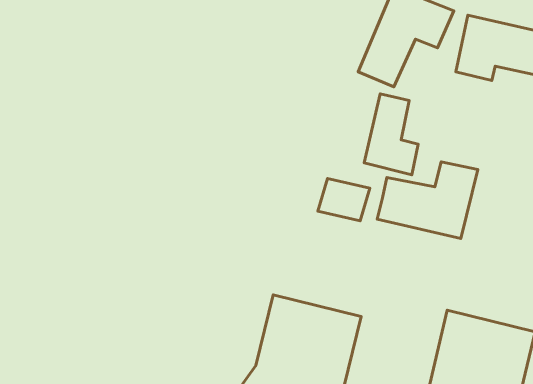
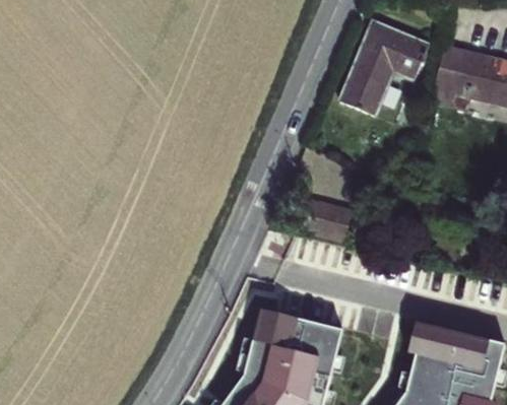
building: [364,94,418,175] -> none
building: [377,162,478,238] -> none

